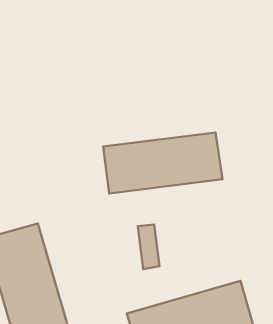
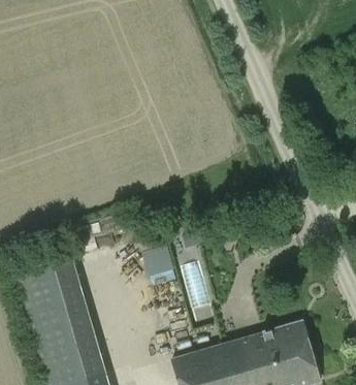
building: [103,132,223,194] -> none

